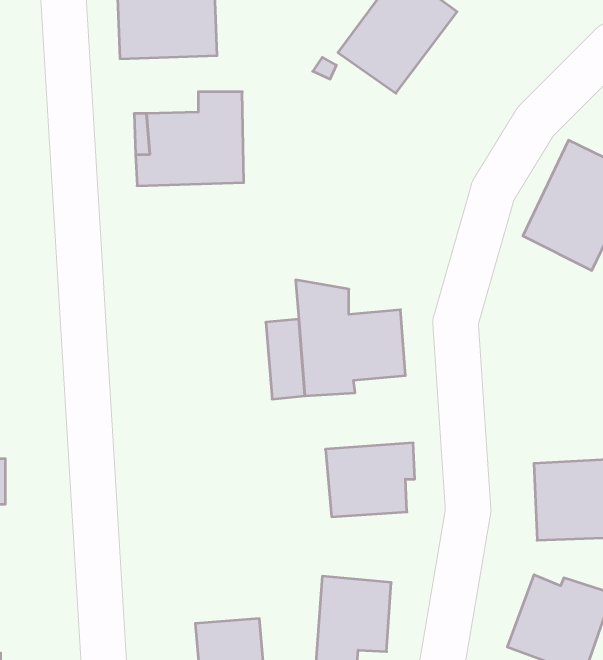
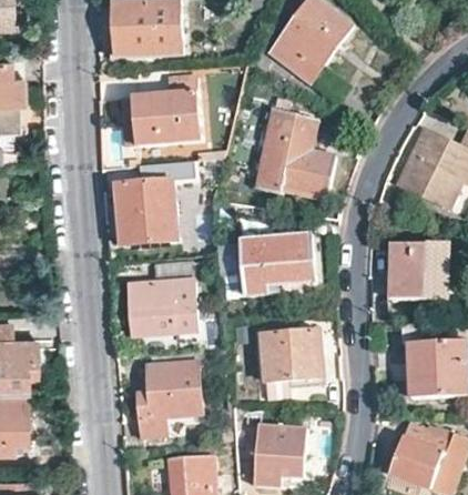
building: none -> [257,112,335,200]
building: none -> [114,179,179,245]
building: none -> [388,244,447,302]
building: none -> [129,261,197,337]
building: none -> [135,352,207,438]

